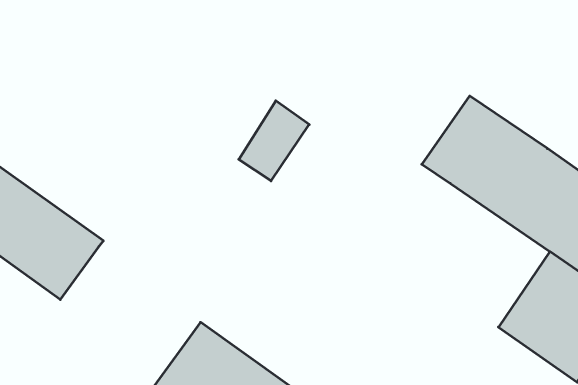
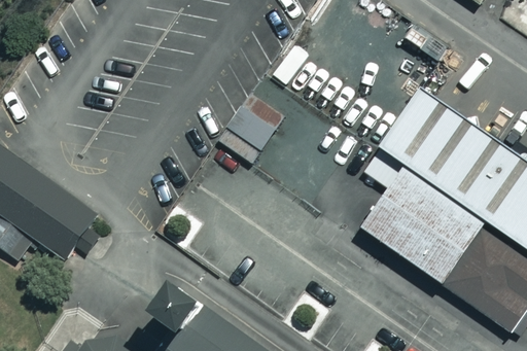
building: none -> [358,164,487,287]

